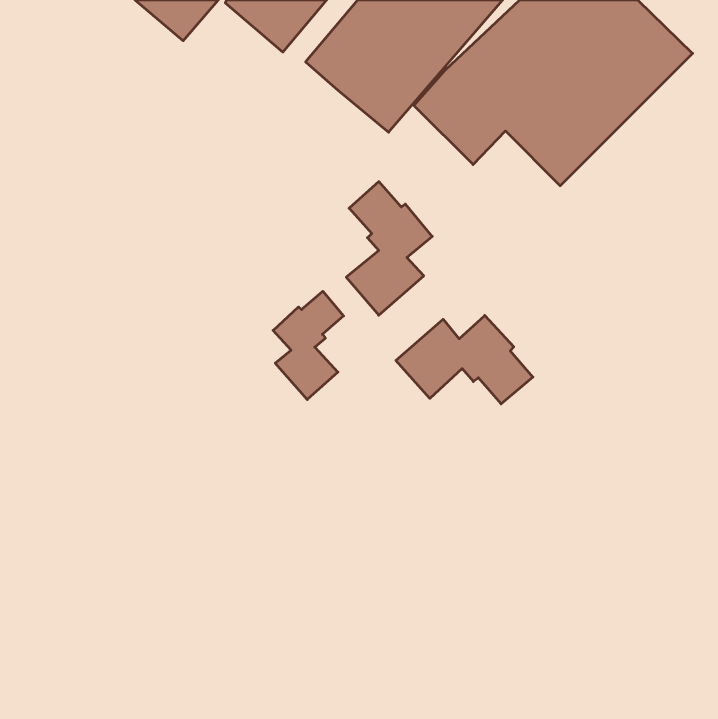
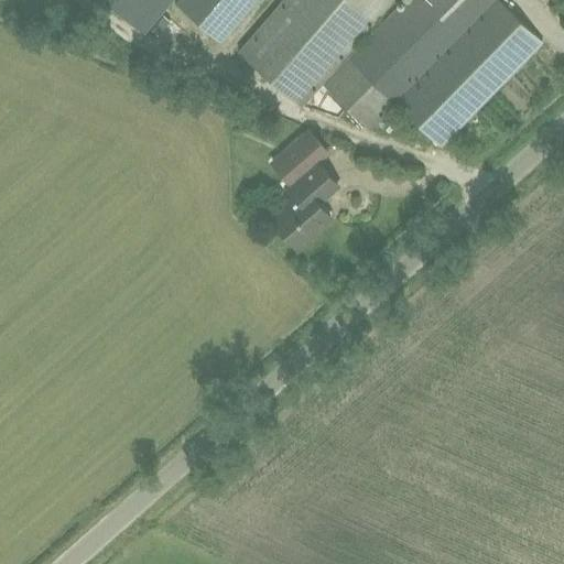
building: [273,291,344,400] -> none
building: [396,315,533,404] -> none

